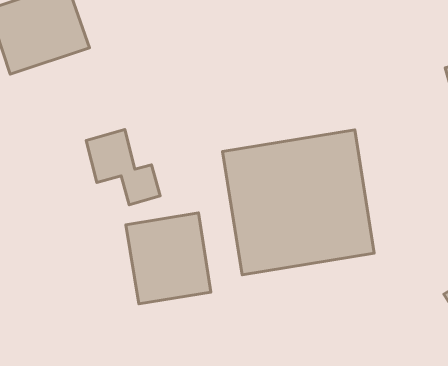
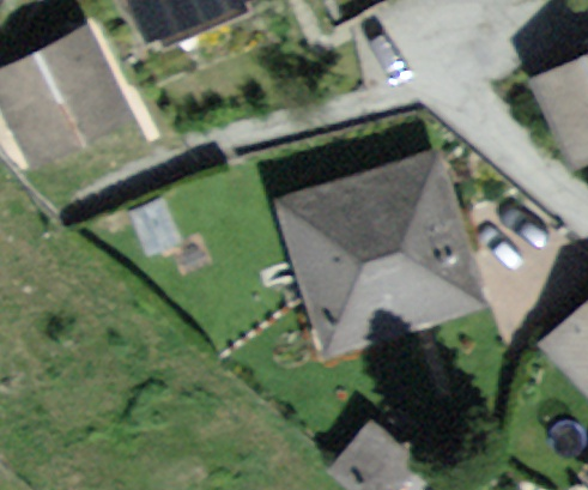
building: [126,213,211,304] -> none

